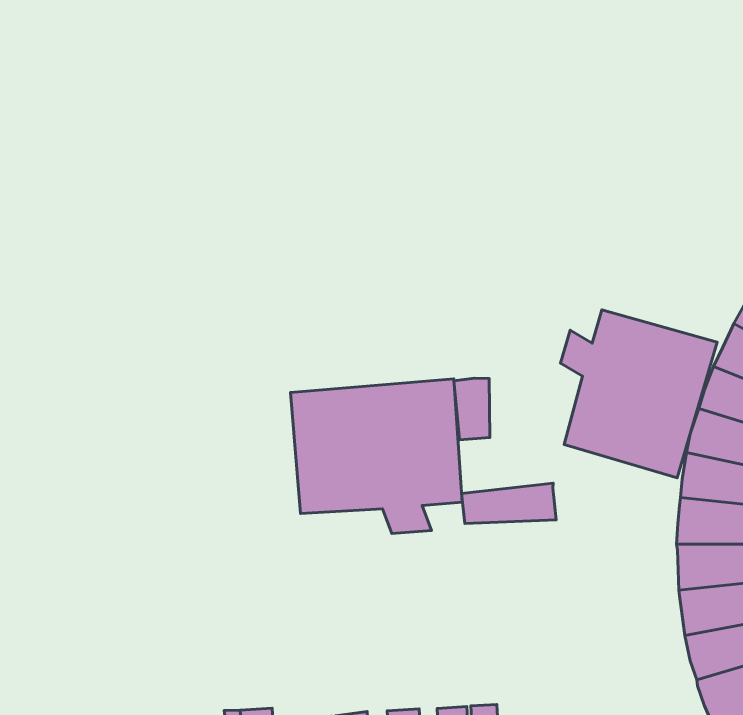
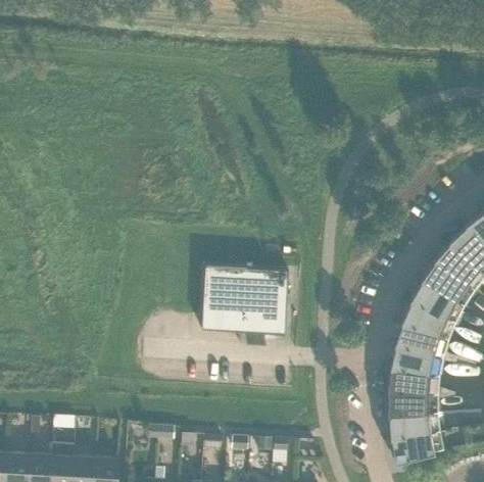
building: [560,310,717,478] -> none
building: [454,378,490,440] -> none
building: [461,483,556,524] -> none

